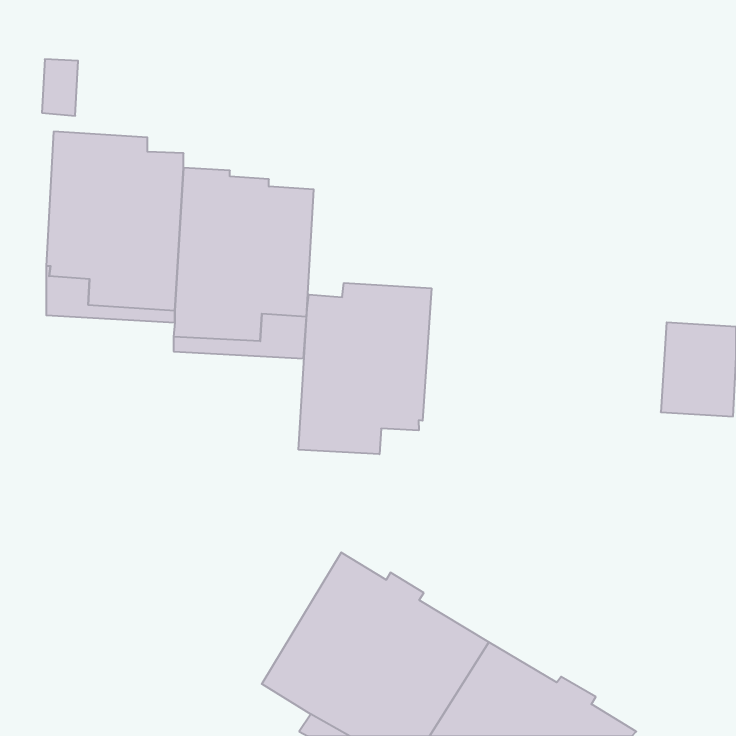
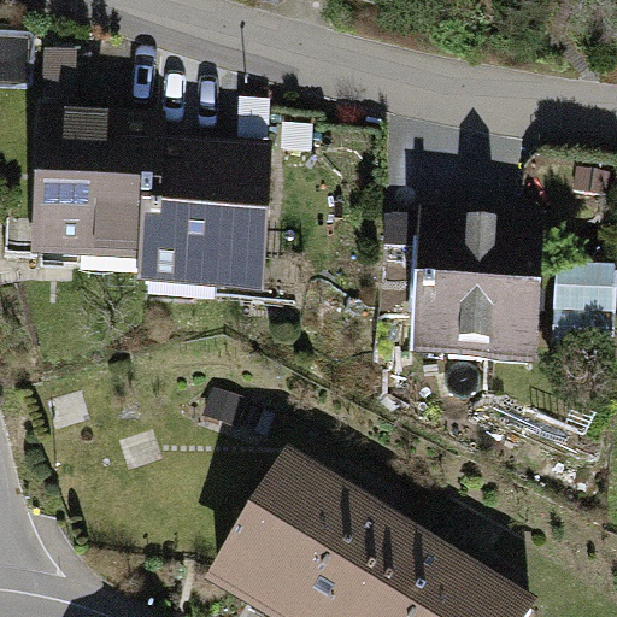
building: none -> [419,211,534,360]
building: [299,283,431,454] -> none

